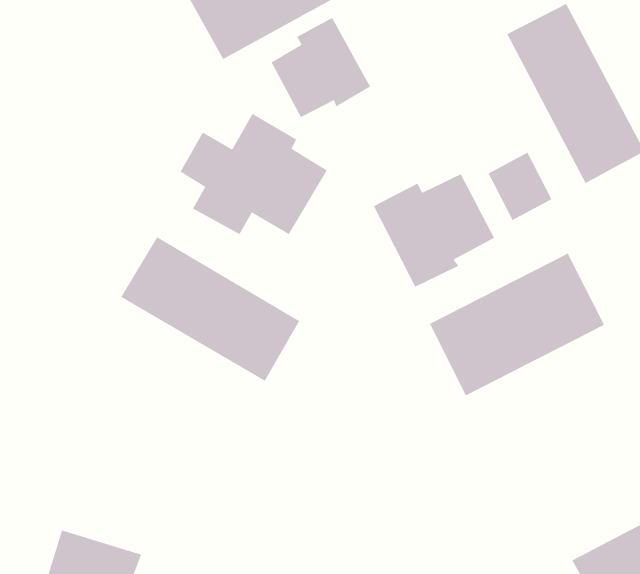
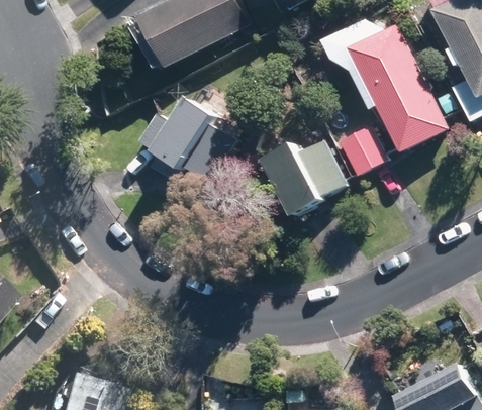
building: [270,17,371,118] -> none
building: [120,236,300,382] -> none
building: [429,253,605,396] -> none

